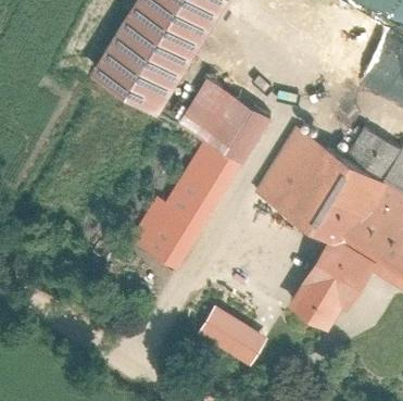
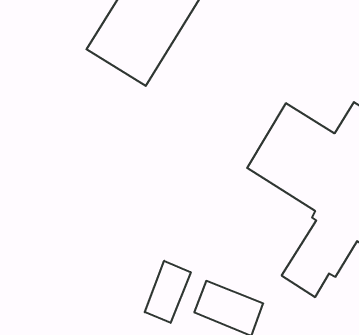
building: [130,83,269,272] -> none
building: none -> [145,261,191,323]

